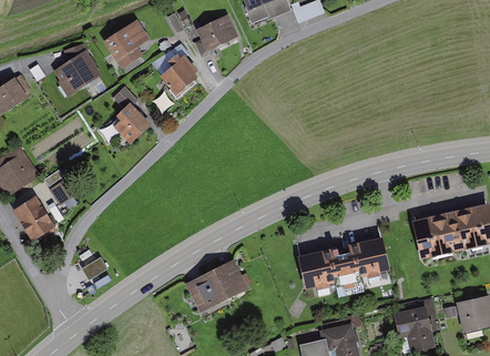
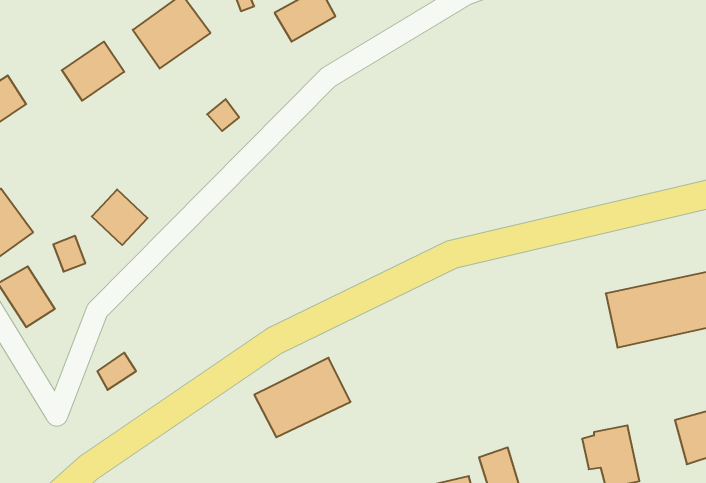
building: [161,58,197,95] -> none
building: [113,106,150,143] -> [92,189,148,245]
building: [299,236,388,287] -> none

